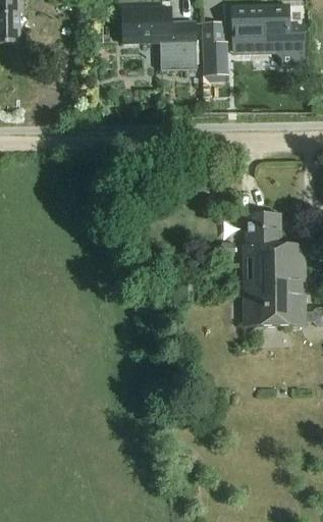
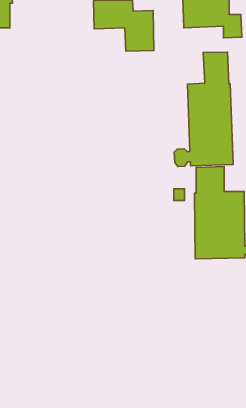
building: [200,20,227,73] -> none
building: none -> [174,52,233,166]

